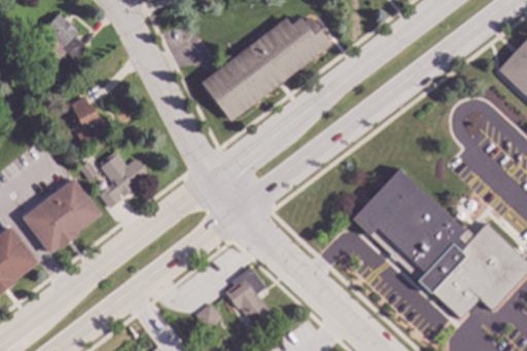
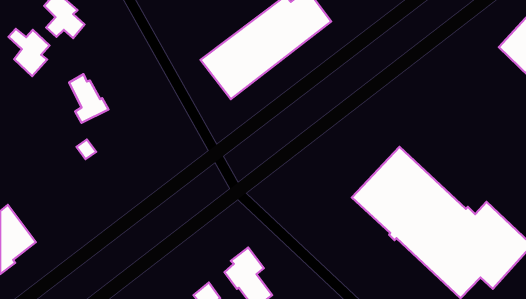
building: none -> [8,29,49,76]
building: [99,155,148,209] -> none
building: [22,178,102,254] -> none

